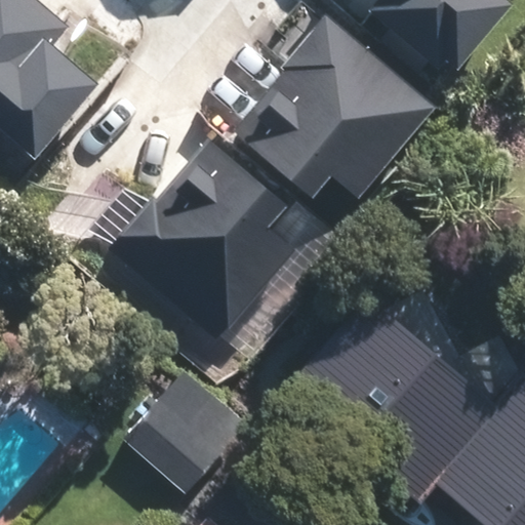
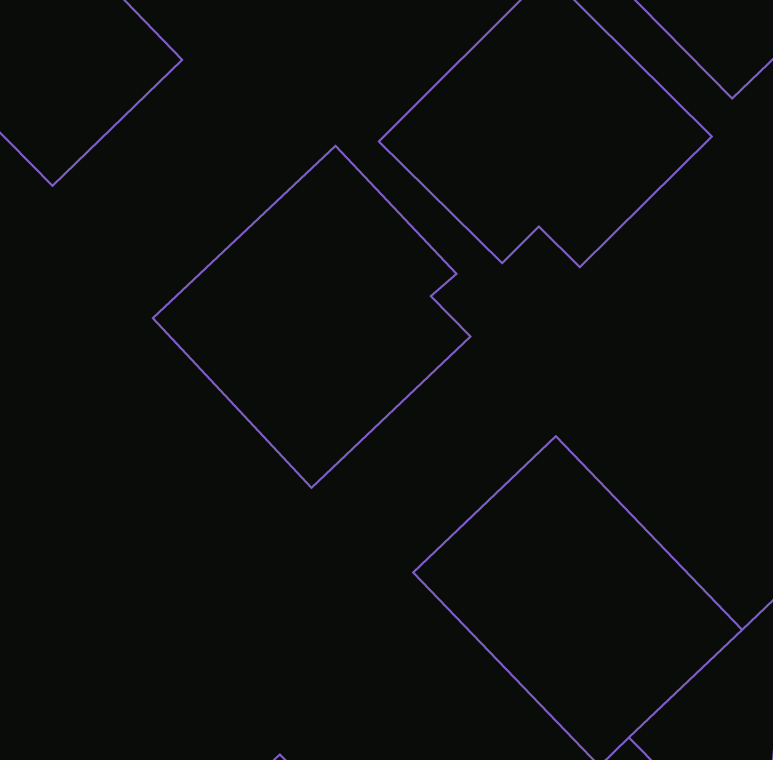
building: [122,383,235,495] -> none

